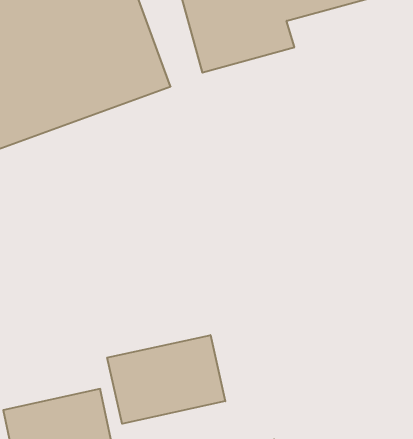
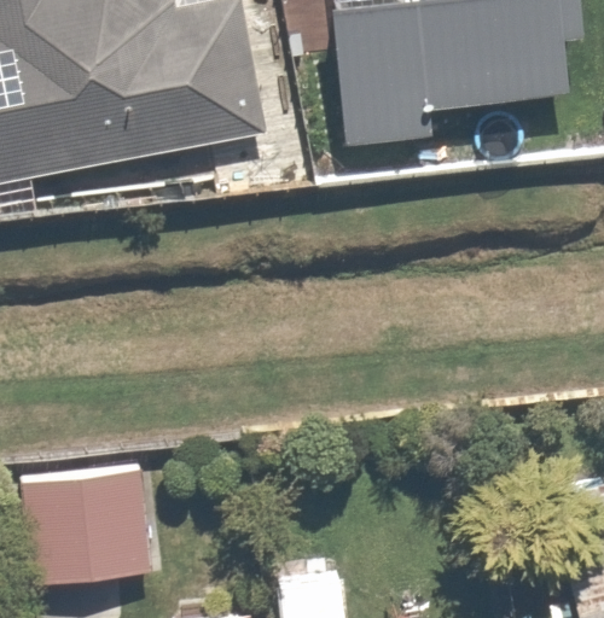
building: [107,335,225,424] -> none

